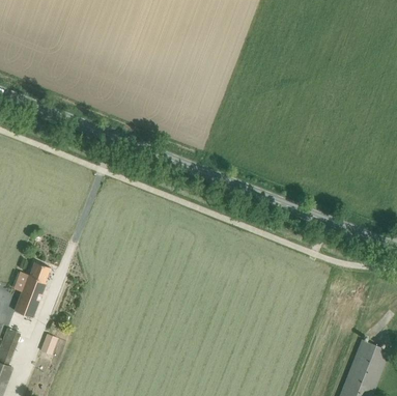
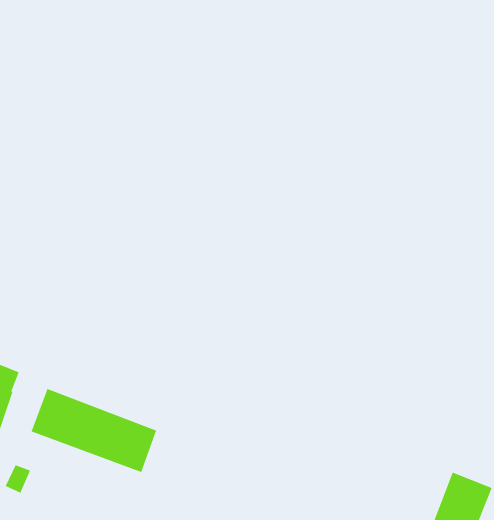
building: none -> [31,388,157,473]

